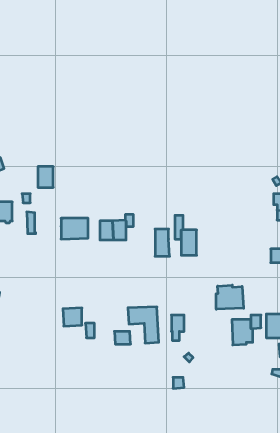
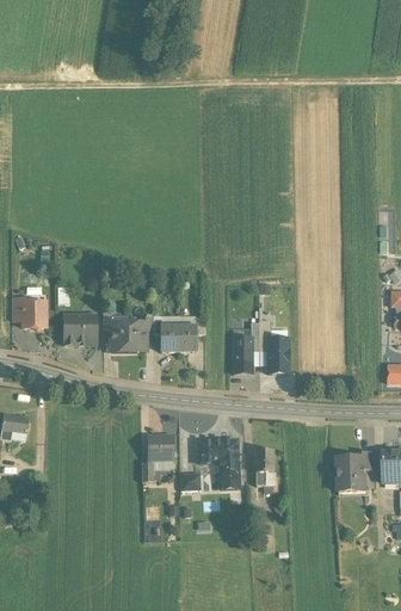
building: [38,167,53,187] -> [75,315,95,342]
building: [216,285,244,309] -> none
building: [63,308,82,326] -> [148,436,173,459]

